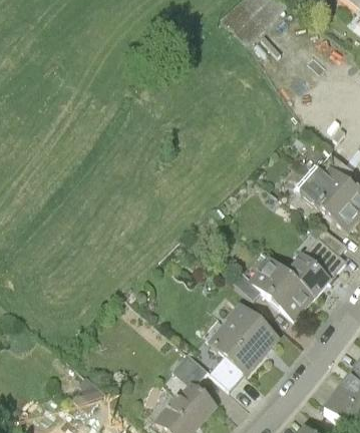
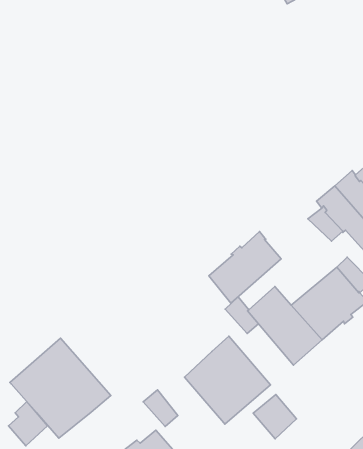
building: none -> [209,231,281,303]
building: none -> [10,338,111,438]
building: [210,354,245,389] -> [253,395,297,439]

